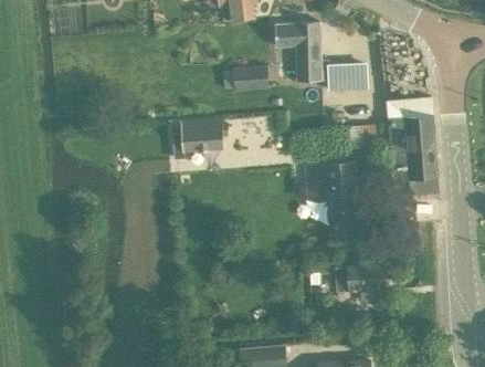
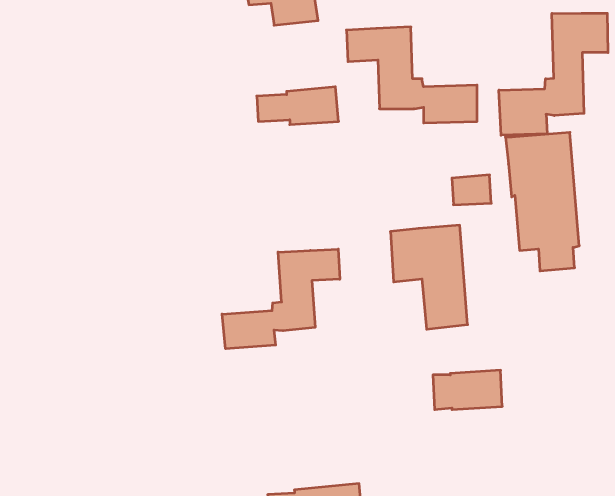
building: none -> [499,13,608,135]
building: [181,120,224,154] -> none
building: none -> [222,249,340,349]

